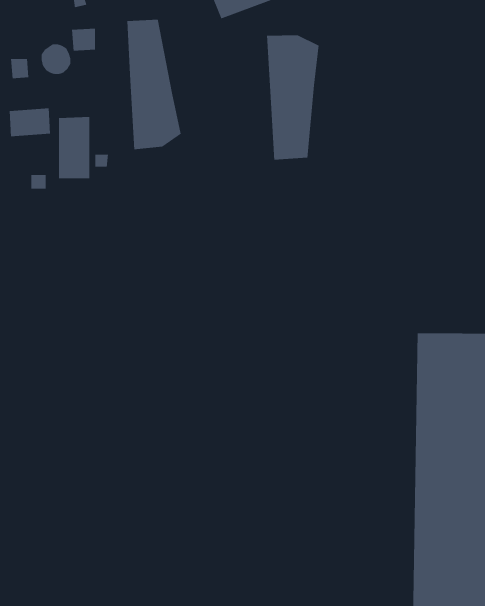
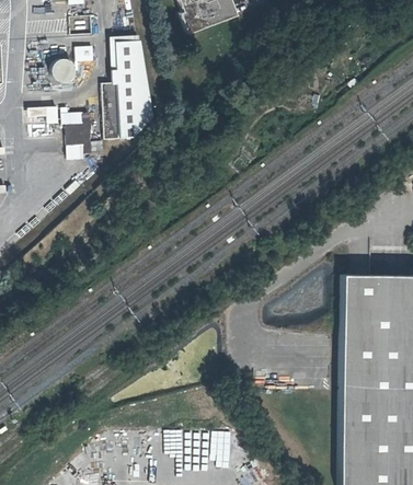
building: [266,35,319,161] -> none
building: none -> [103,81,122,139]

